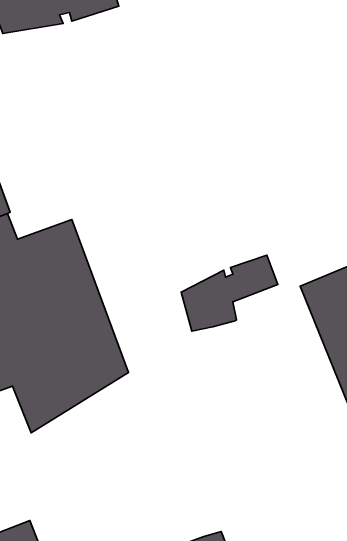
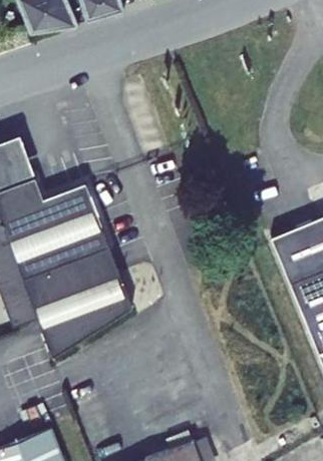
building: [181,255,278,331] -> none

